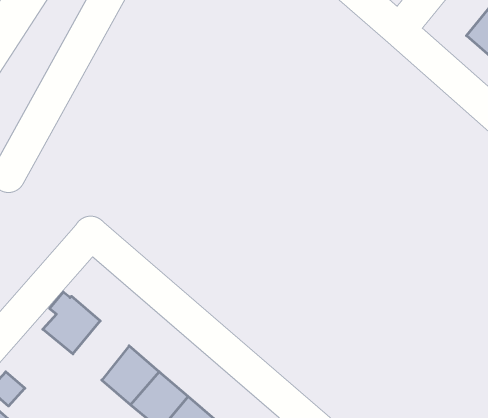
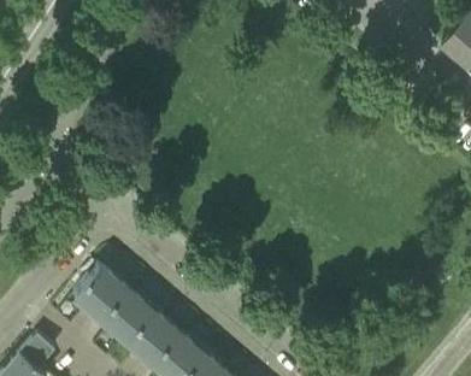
building: none -> [98,289,147,341]

